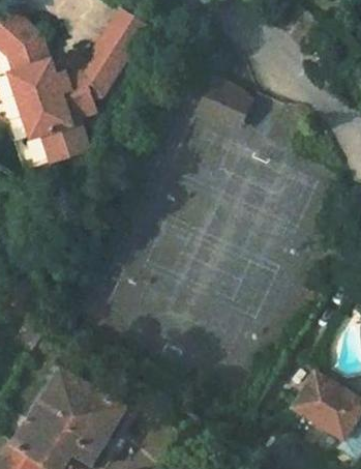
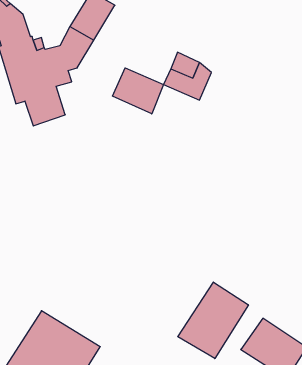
building: none -> [112,68,164,114]
building: none -> [178,282,248,359]

